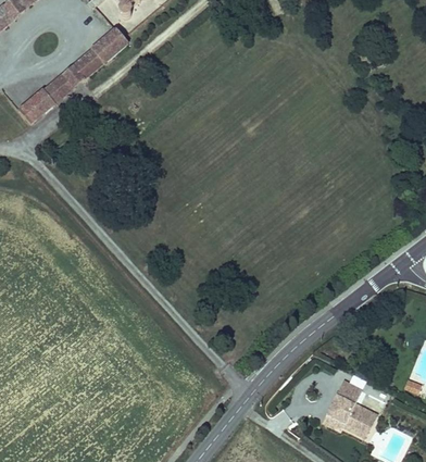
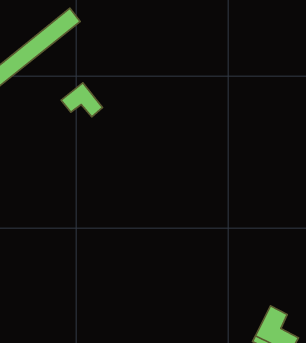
building: none -> [61,83,102,117]

